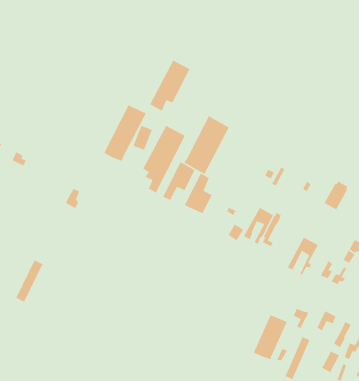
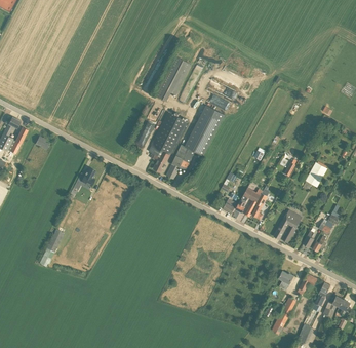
building: [103,104,147,162] -> none
building: [184,173,213,214] -> none
building: [253,314,288,360] -> none

